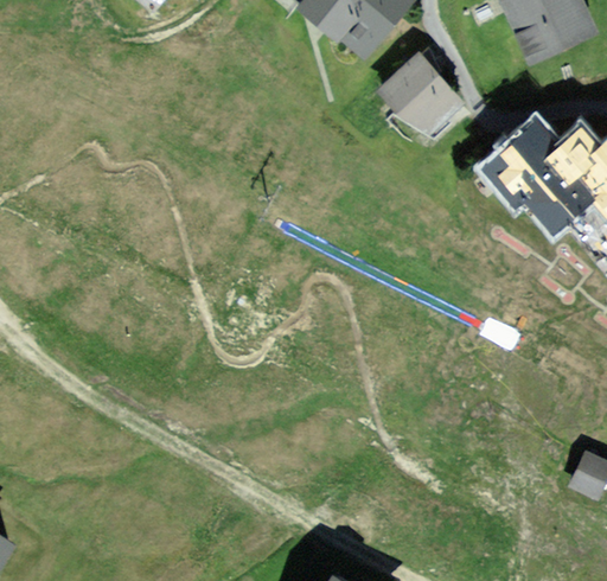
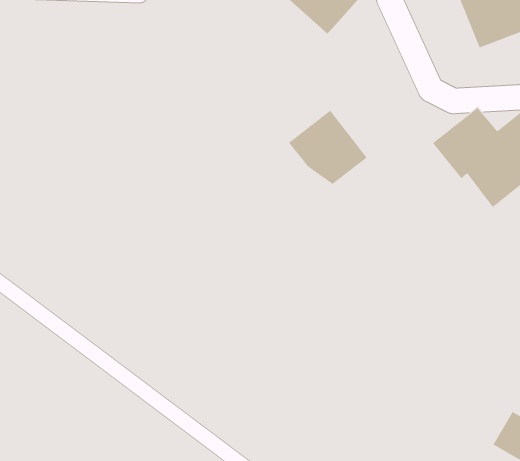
building: [378,52,464,132] -> [288,110,367,184]

